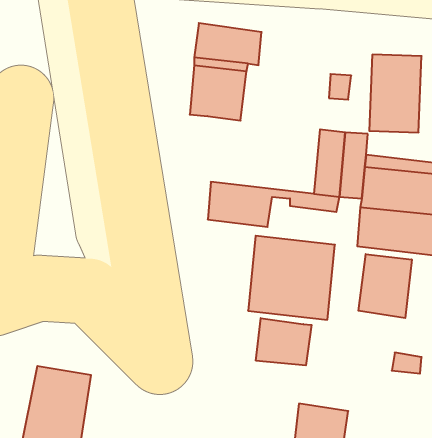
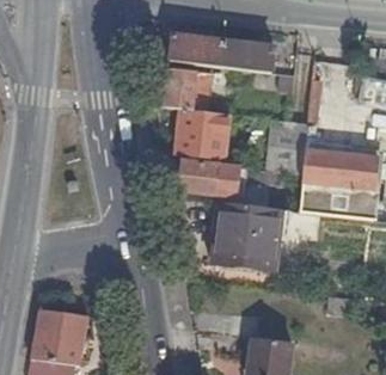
building: none -> [220,41,274,73]
building: none -> [174,107,228,158]
building: [358,254,412,318] -> none
building: [256,318,312,365] -> none

